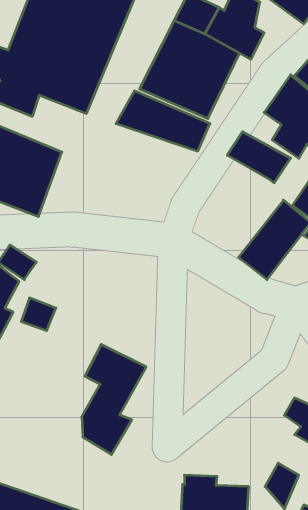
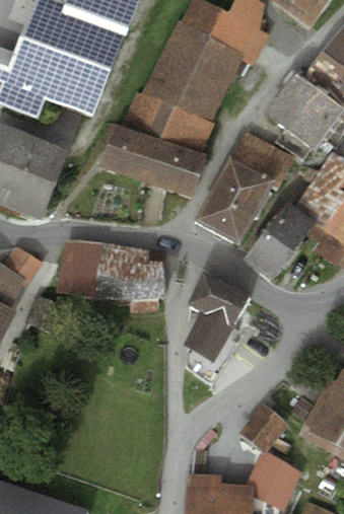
building: none -> [97,124,211,197]
building: none -> [196,156,274,243]
building: none -> [58,240,165,311]
building: [82,344,146,455] -> [184,272,248,381]
building: none -> [239,406,286,452]

